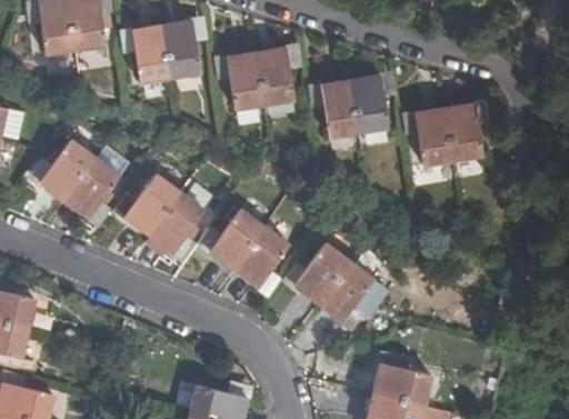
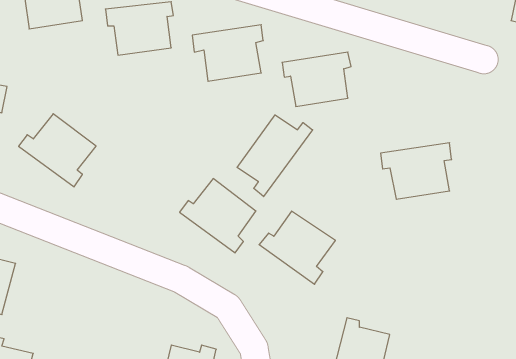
building: [408,103,483,163] -> [381,143,452,199]
building: none -> [237,115,313,197]
building: [120,177,202,255] -> none

